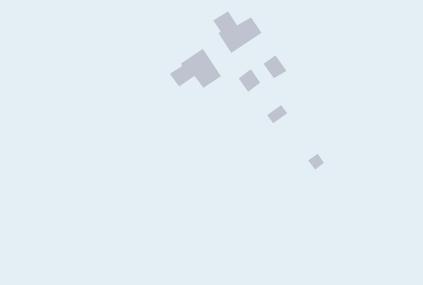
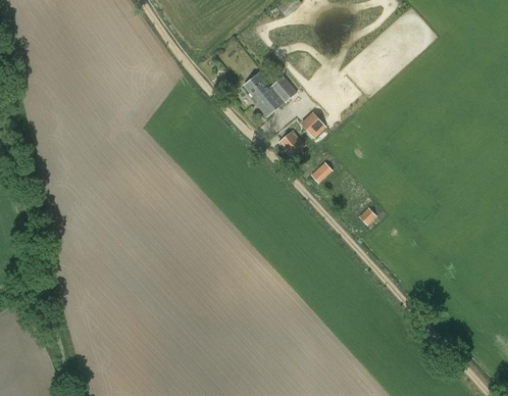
building: [169,48,222,89] -> none

